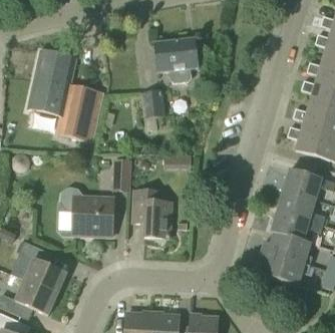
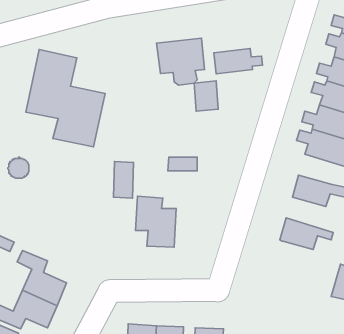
building: none -> [214,49,262,74]
building: [140,89,163,118] -> [194,81,218,111]
building: [59,187,112,237] -> none
building: [277,191,324,225] -> none
building: [258,233,312,286] -> none

